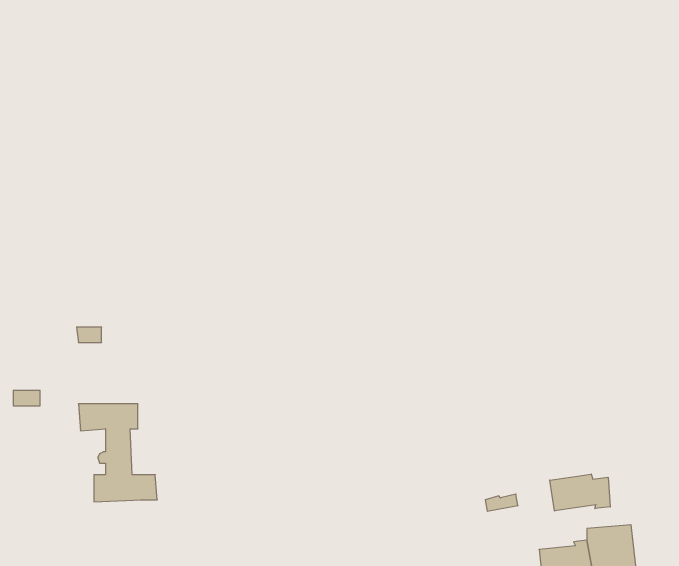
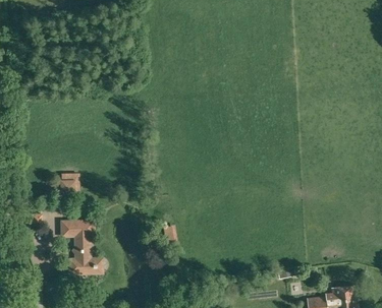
building: [550,474,610,511] -> none

